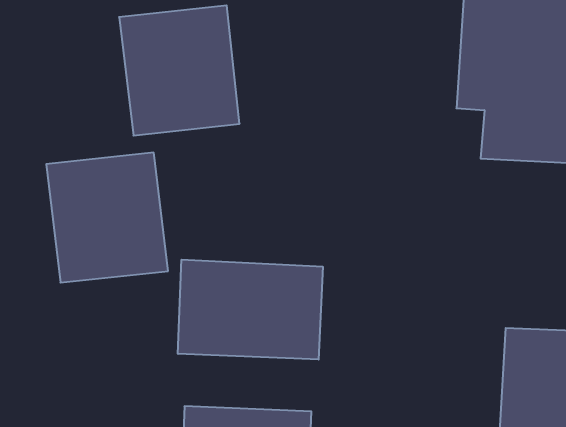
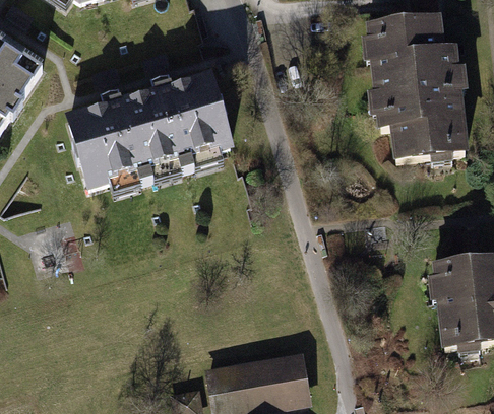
building: [46,153,168,283] -> [62,99,158,199]
building: [178,260,323,360] -> none

